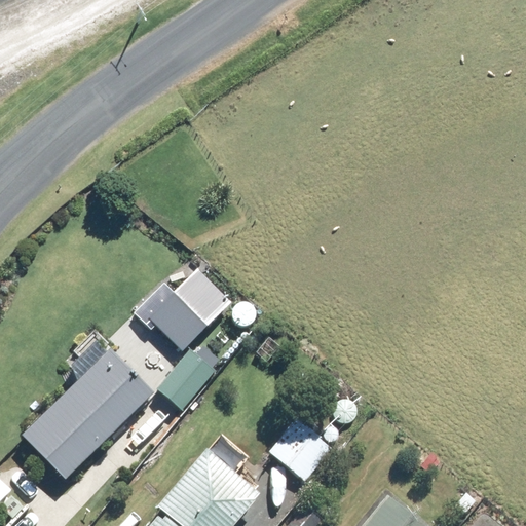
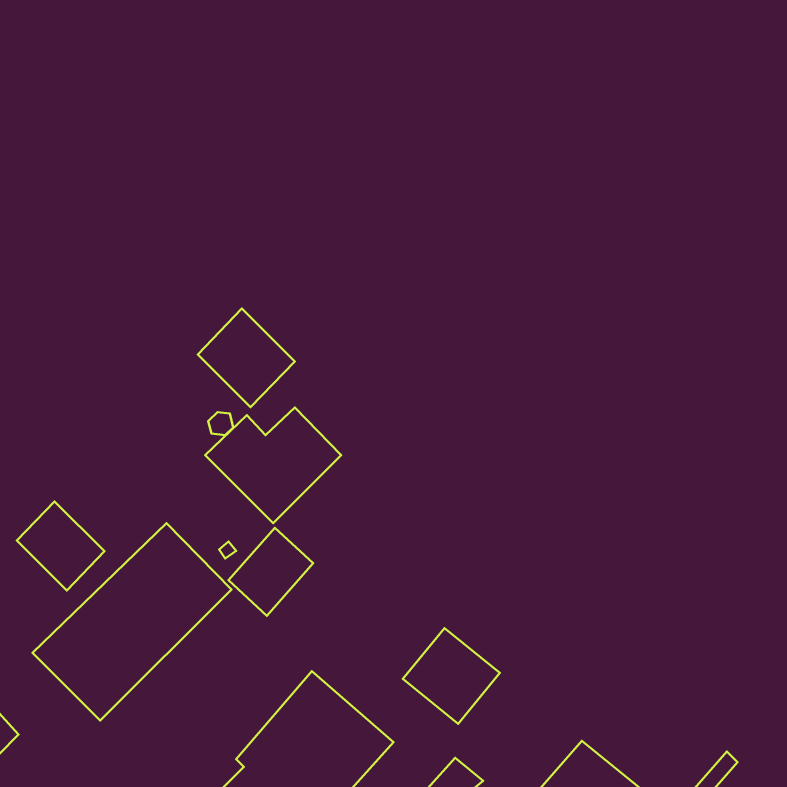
building: none -> [198,309,295,407]
building: none -> [17,501,104,590]

